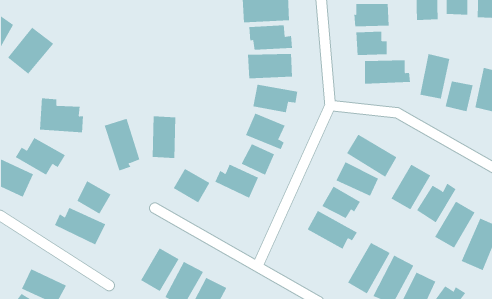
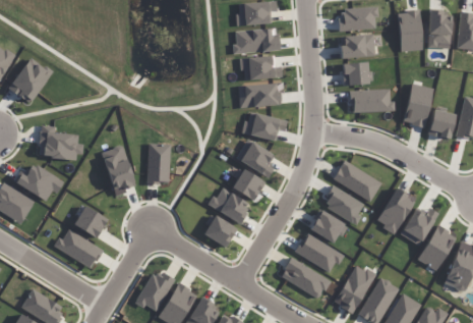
building: [173,168,210,203] -> [201,215,237,249]
building: none -> [280,260,330,299]

